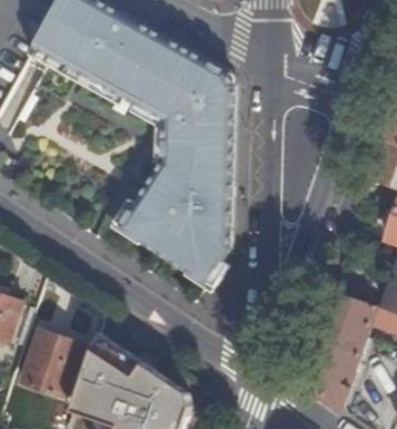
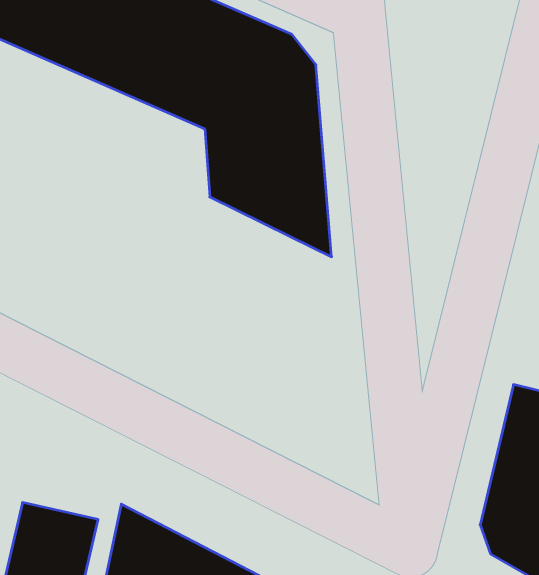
building: [120,162,232,287] -> none

